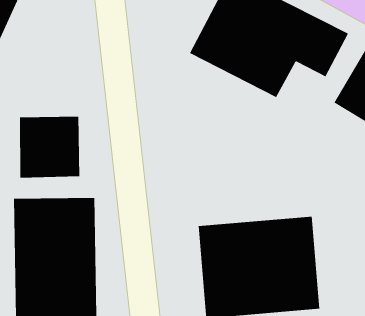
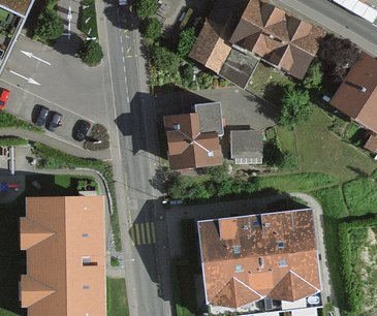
building: none -> [168,104,262,173]
building: [19,116,80,179] -> none

